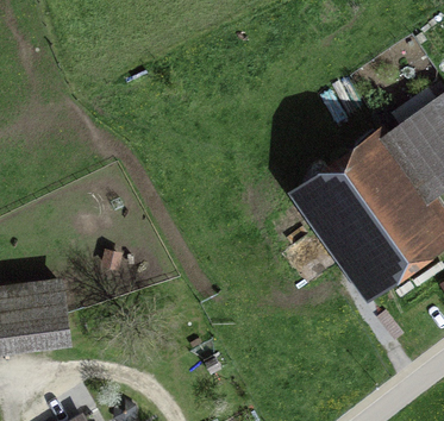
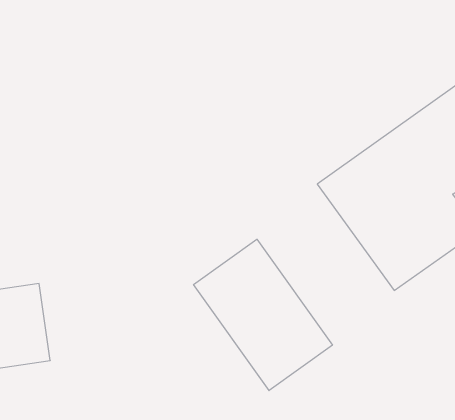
building: none -> [194,239,332,391]

